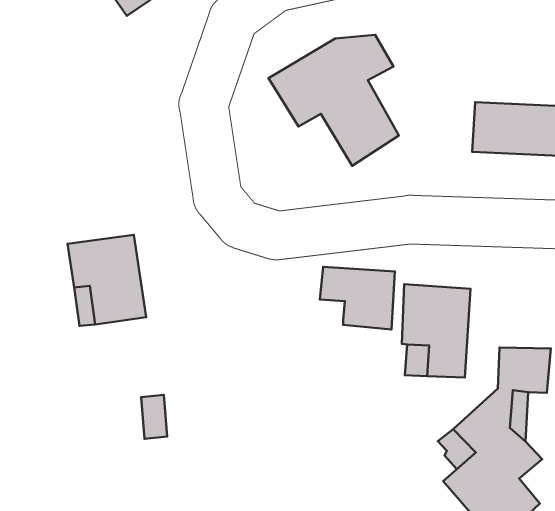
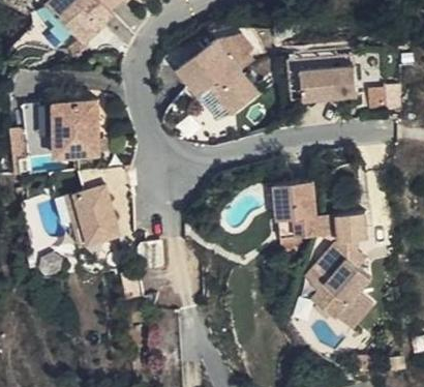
building: none -> [23,101,95,159]
building: [320,267,395,329] -> none

